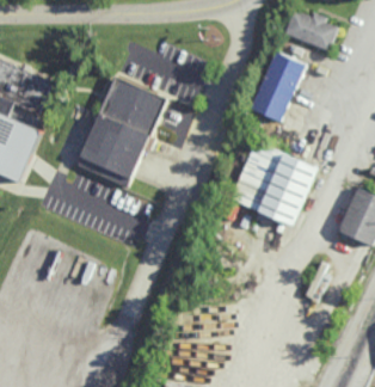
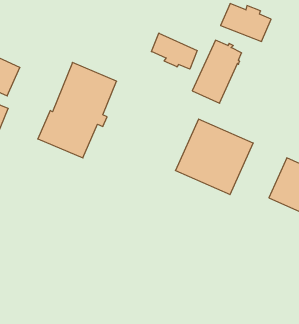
building: none -> [151,33,197,69]

